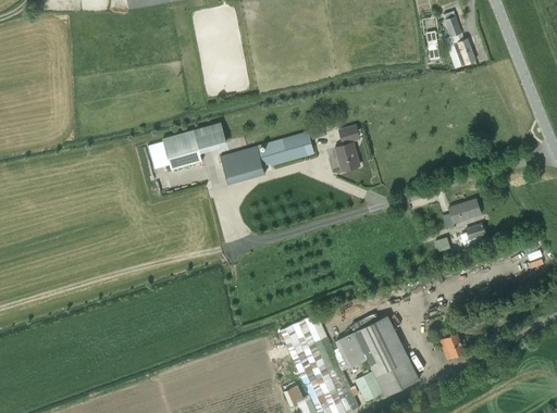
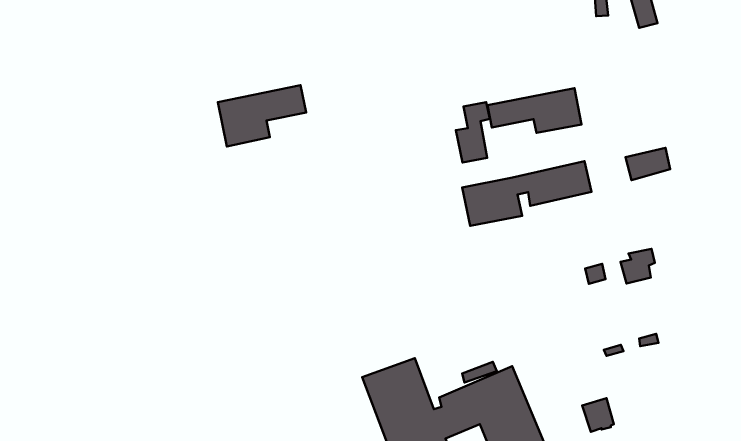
building: none -> [488,88,582,133]
building: [221,132,314,184] -> [462,161,592,226]
building: [448,199,481,224] -> [626,148,670,180]

